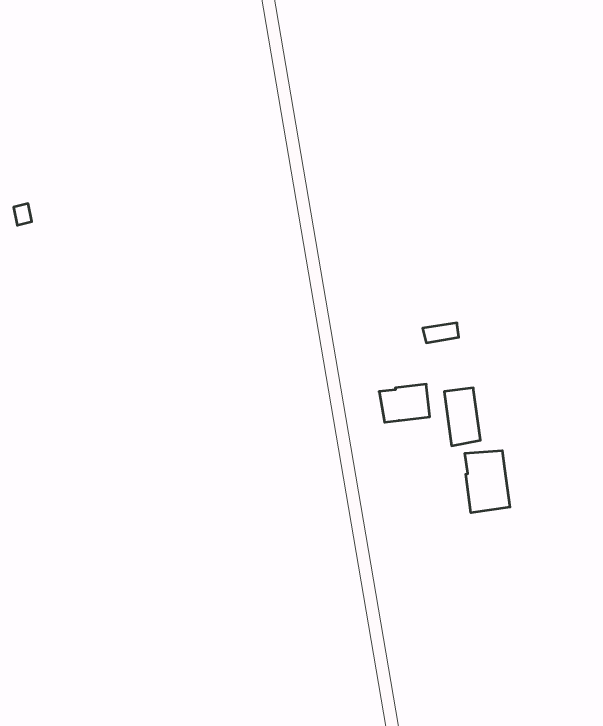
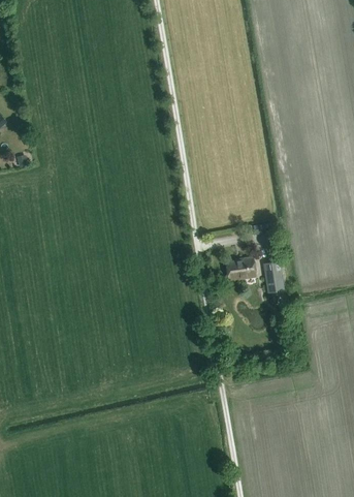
building: [465,451,510,513] -> none

